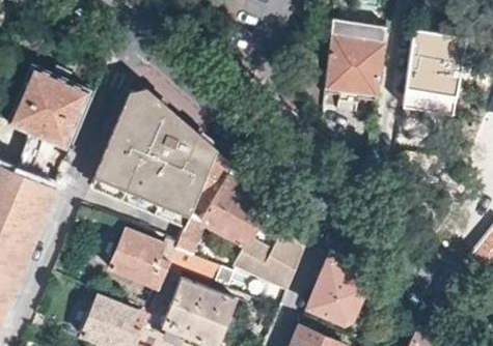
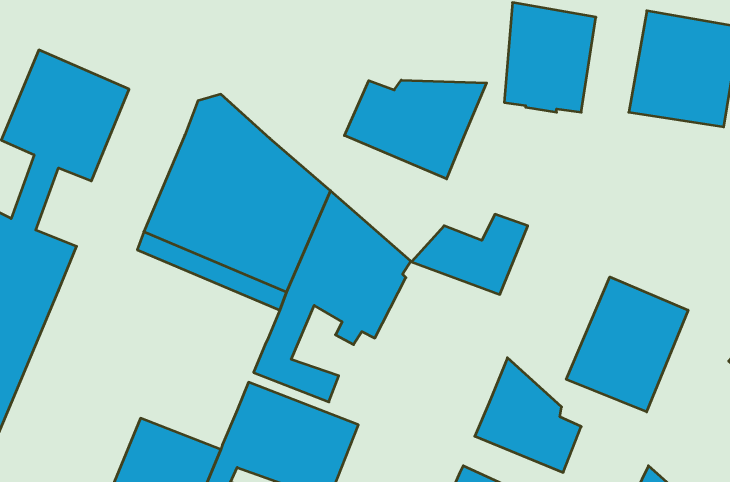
building: none -> [344,80,487,179]
building: none -> [566,277,688,412]
building: [108,229,174,290] -> none
building: [230,241,304,292] -> [411,214,528,294]

